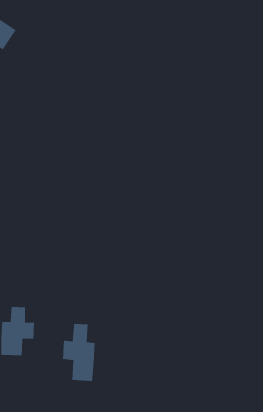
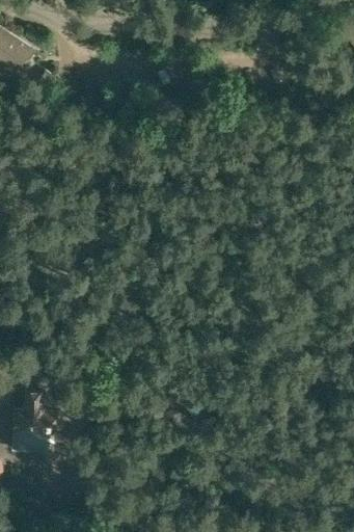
building: [63,323,95,382] -> none

